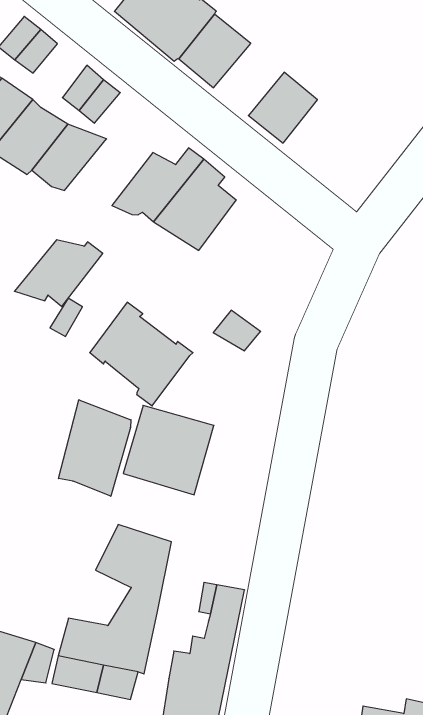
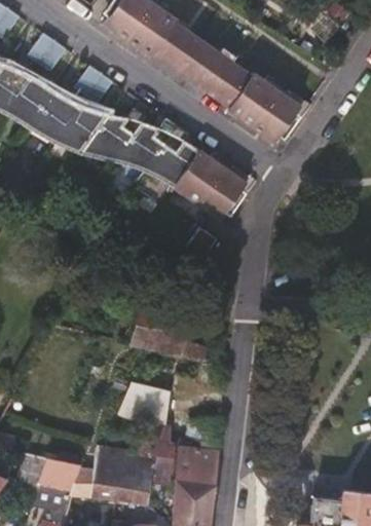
building: none -> [177,39,225,89]
building: none -> [228,73,297,142]
building: [14,240,103,306] -> [78,113,138,159]
building: [90,302,193,406] -> [175,149,247,220]
building: [59,400,131,496] -> none
building: none -> [158,440,200,486]

